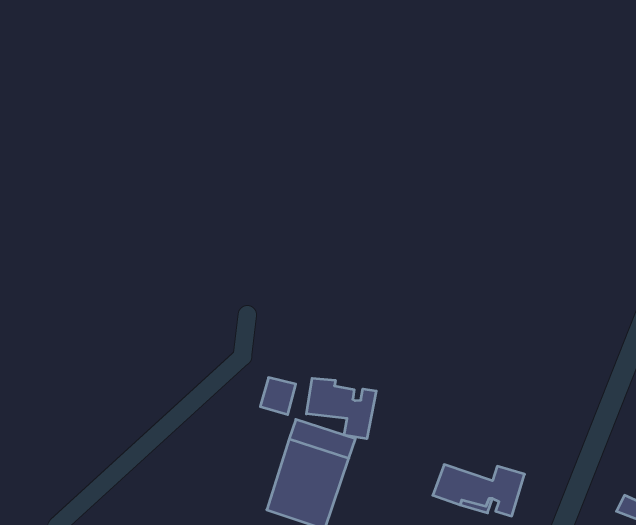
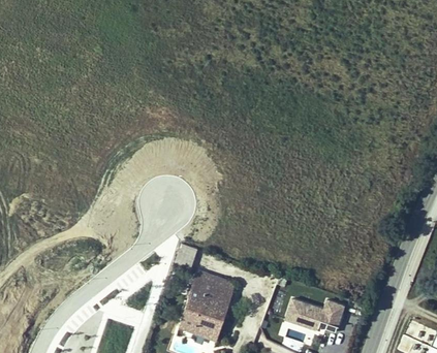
building: [306,378,376,439] -> none

